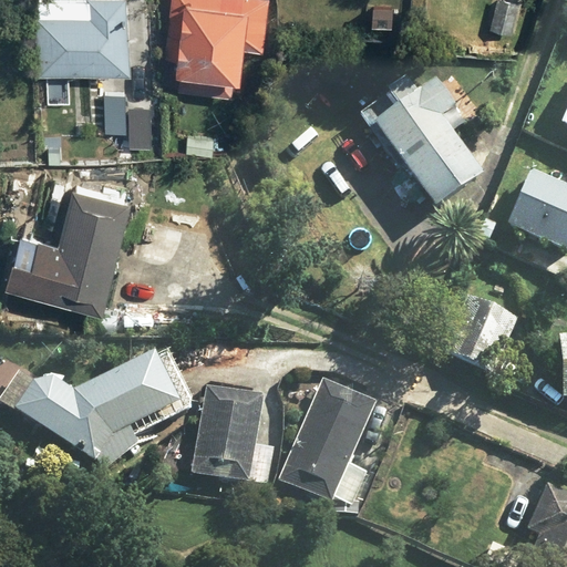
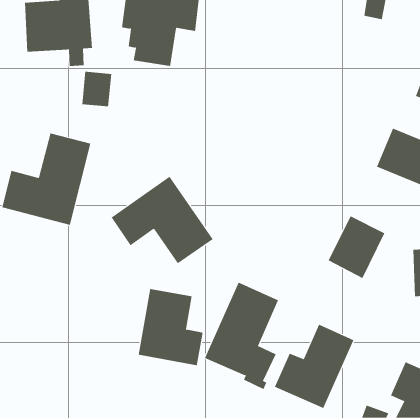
building: [360,65,483,213] -> none
building: none -> [111,176,213,264]
building: [17,348,195,473] -> none
building: none -> [274,324,354,409]

